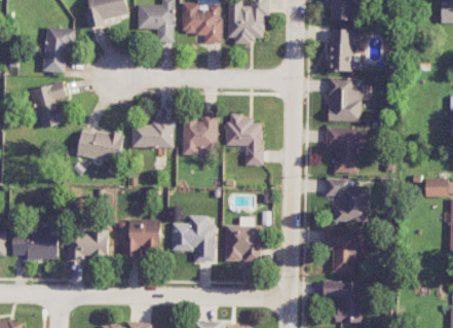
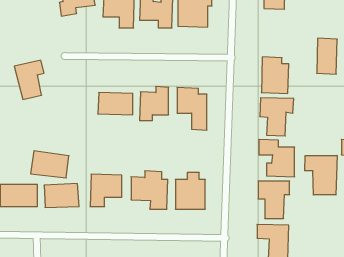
building: [42,28,71,74] -> none
building: [329,29,353,72] -> [317,38,337,74]
building: [76,130,122,162] -> [31,151,69,178]
building: none -> [305,155,337,195]

